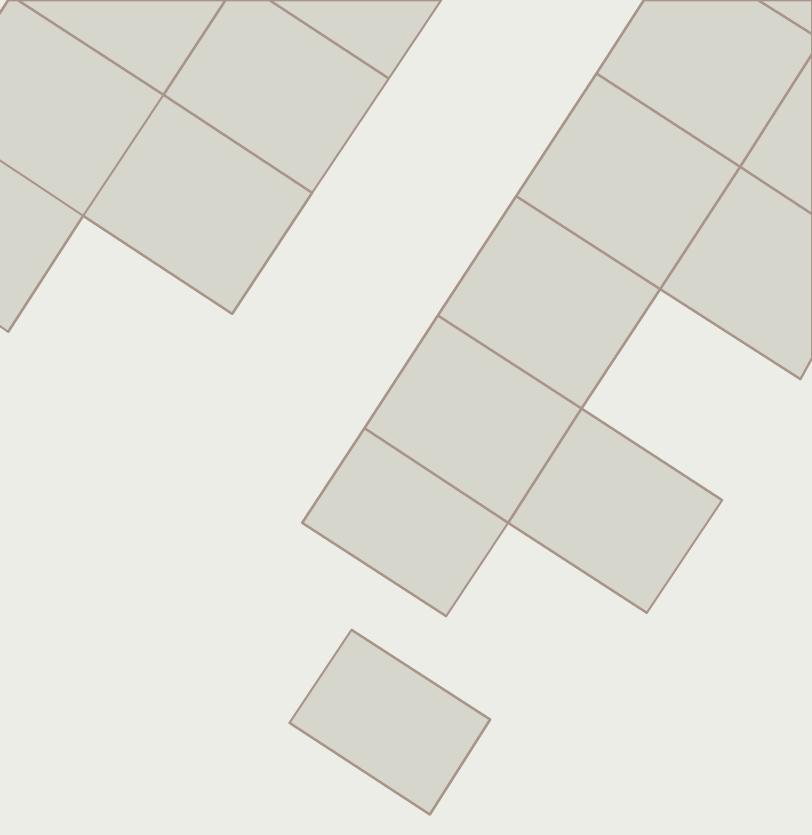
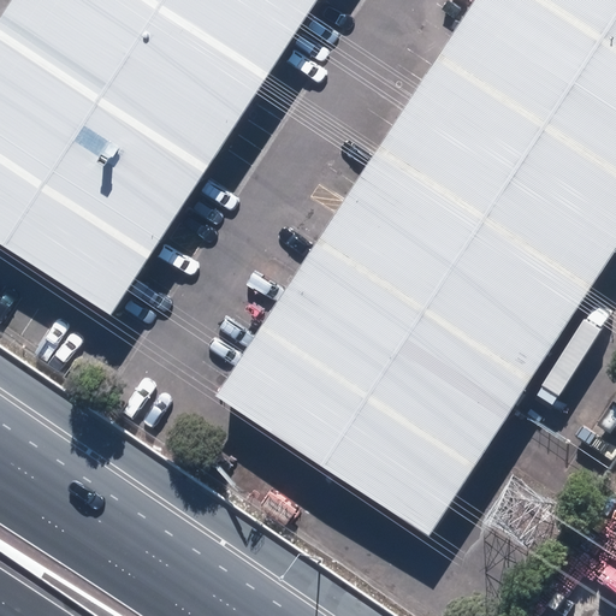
building: none -> [6,159,171,315]
building: none -> [428,213,590,368]
building: [289,630,490,814] -> [328,385,476,521]

